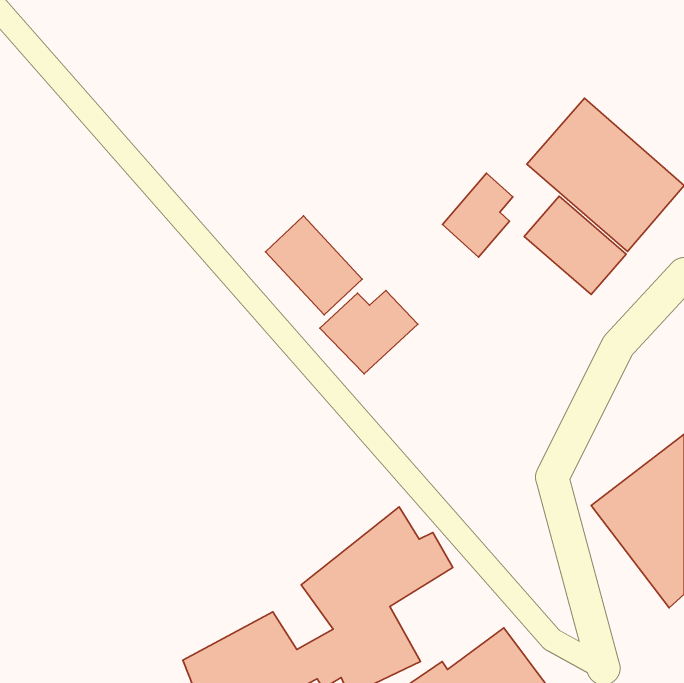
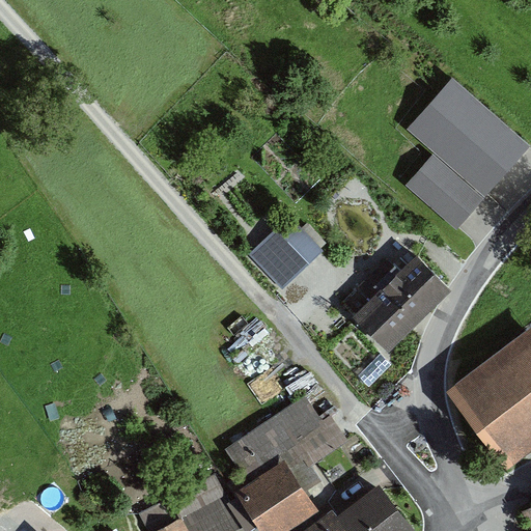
building: [442,173,513,257] -> none
building: [265,216,362,315] -> none
building: none -> [338,253,444,346]

